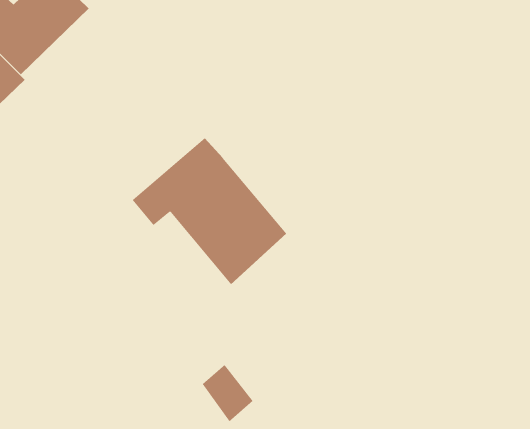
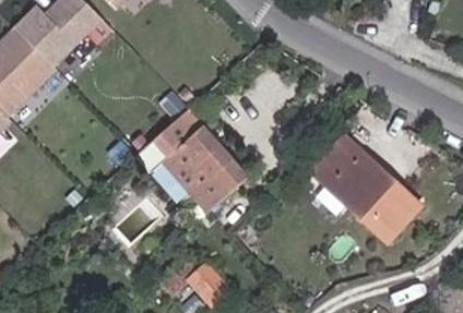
building: none -> [308,143,409,250]

